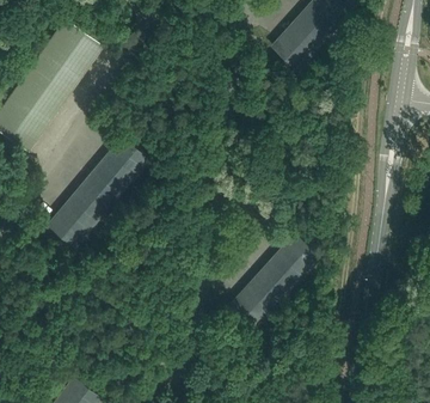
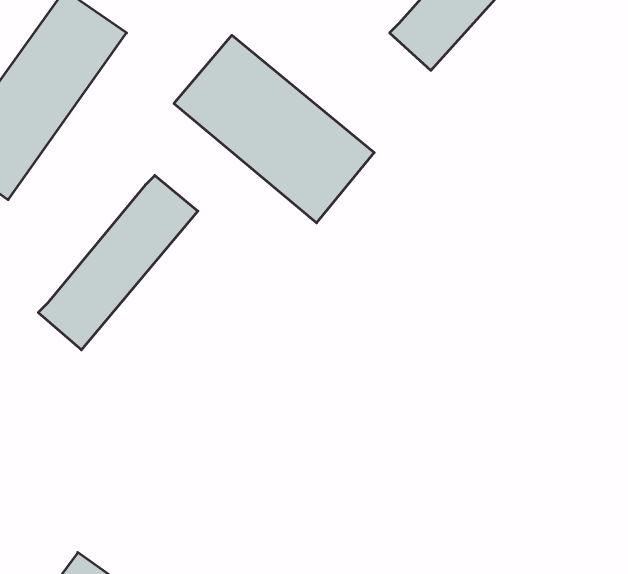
building: none -> [174,35,374,223]
building: [228,236,319,331] -> none

